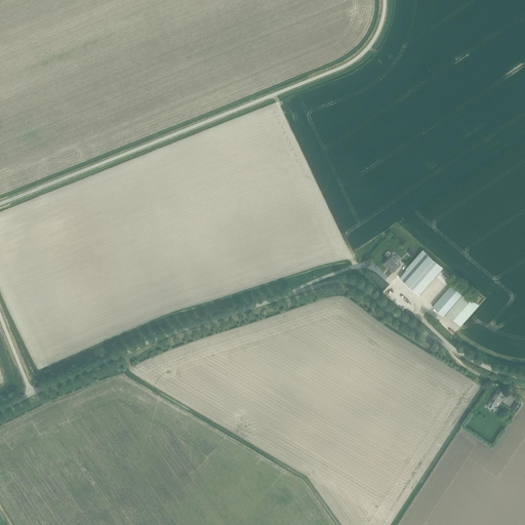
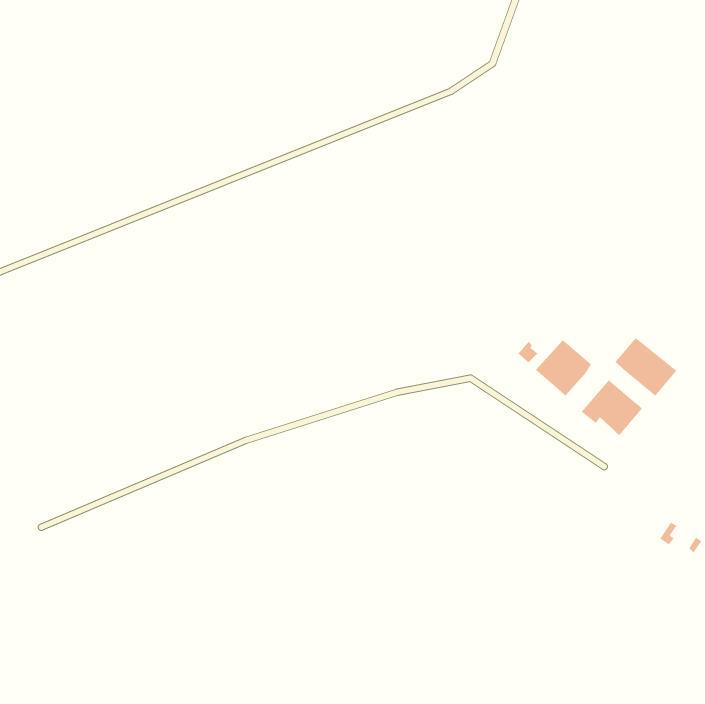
building: none -> [615,337,677,397]

